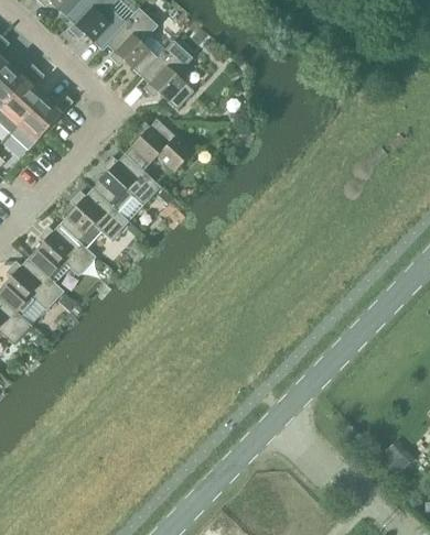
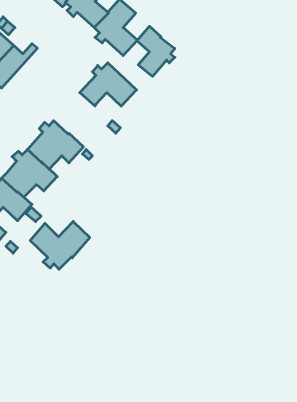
building: none -> [137,26,175,76]
building: [92,154,161,205] -> none
building: none -> [30,221,90,269]

